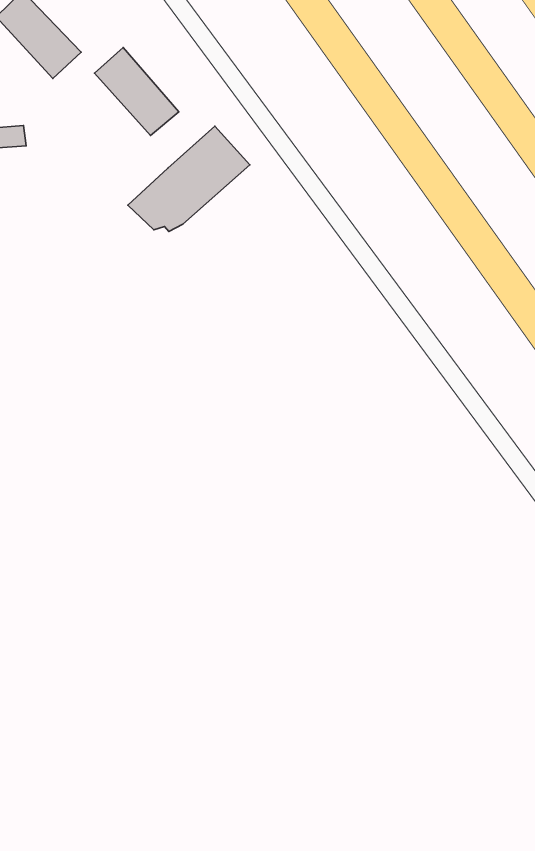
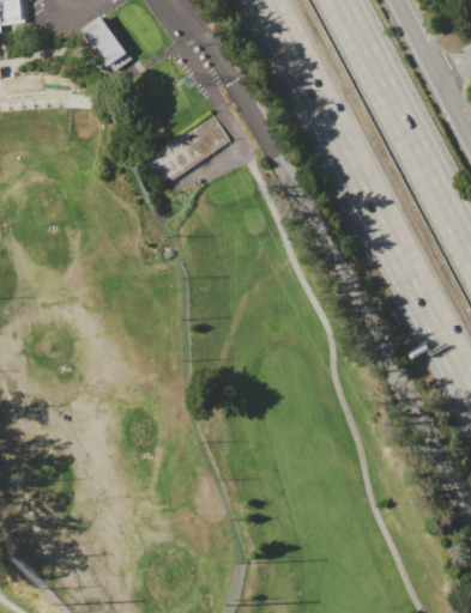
building: [95,48,179,136] -> none

